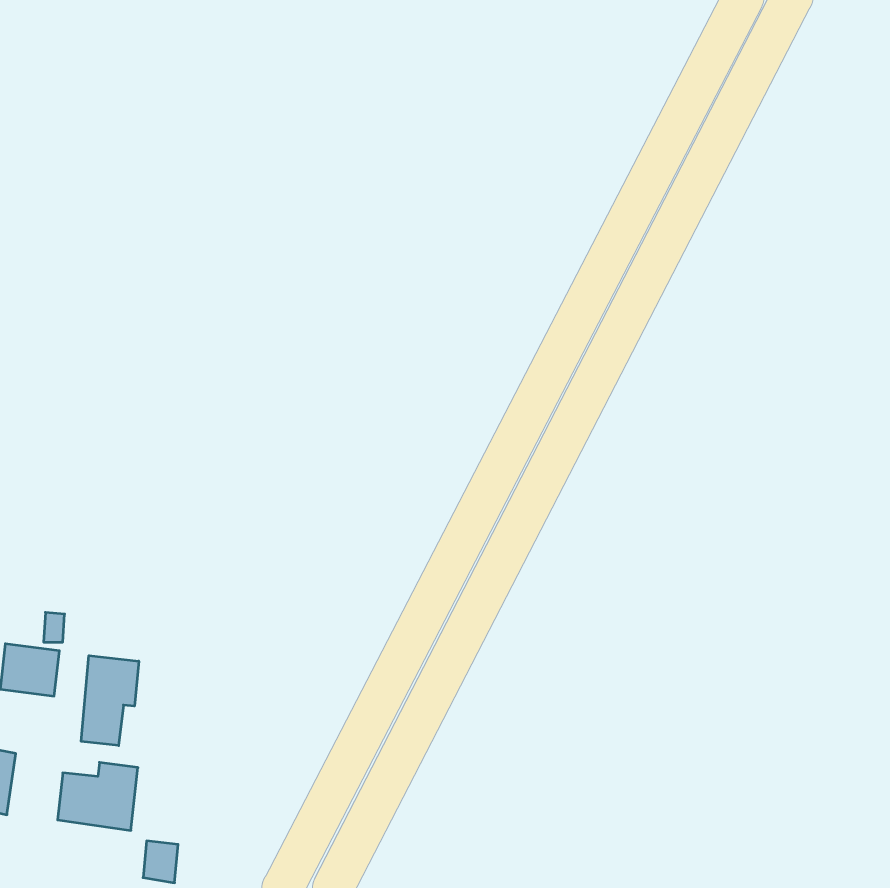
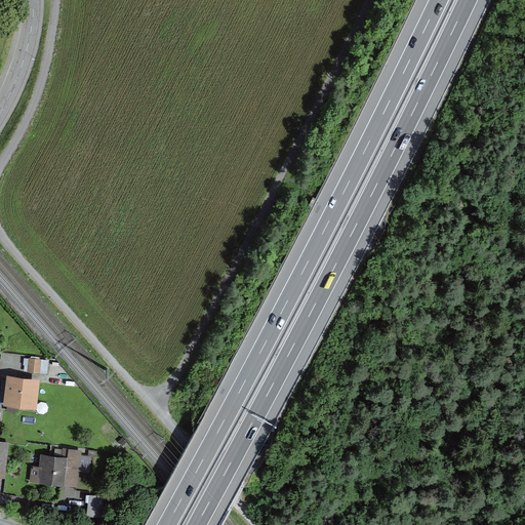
building: [81,656,139,746] -> none

